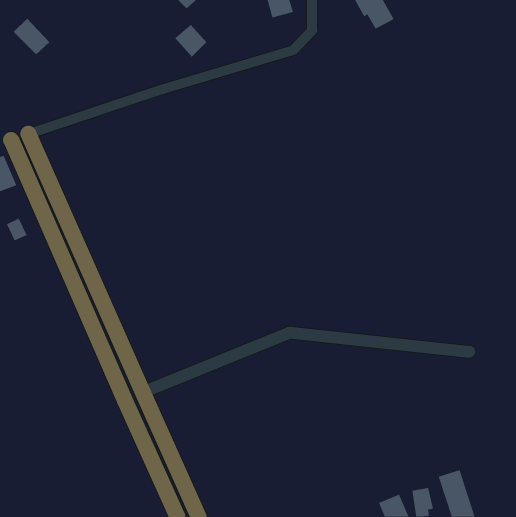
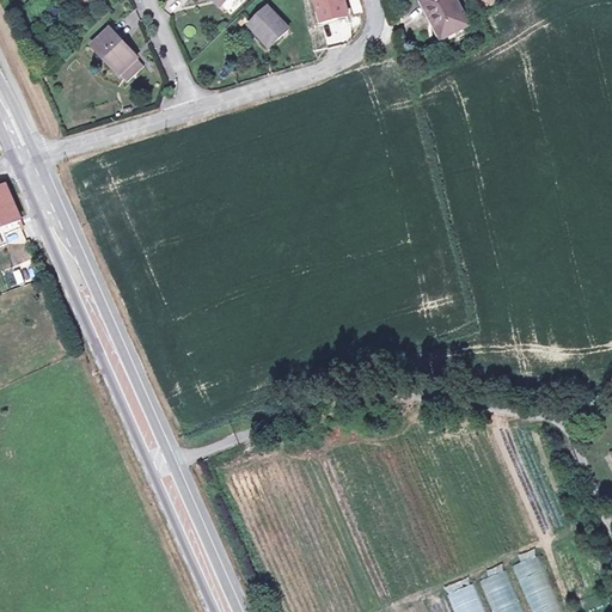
building: [13,18,50,55] -> [93,31,137,75]
building: [175,24,207,58] -> [247,5,286,44]

